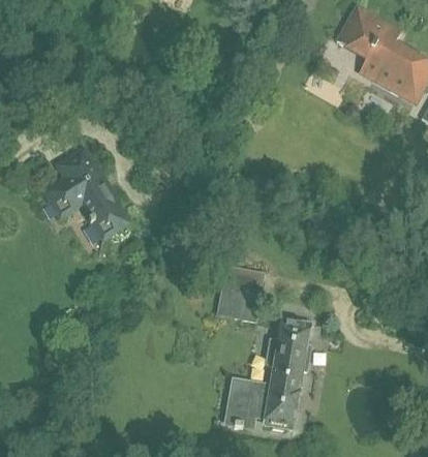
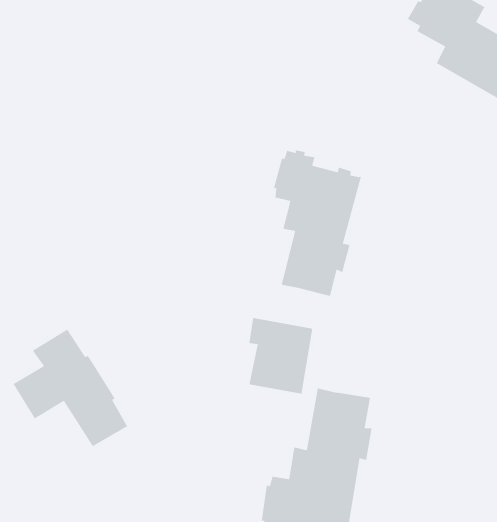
building: none -> [273,150,362,298]
building: [43,148,130,237] -> [12,329,128,447]

